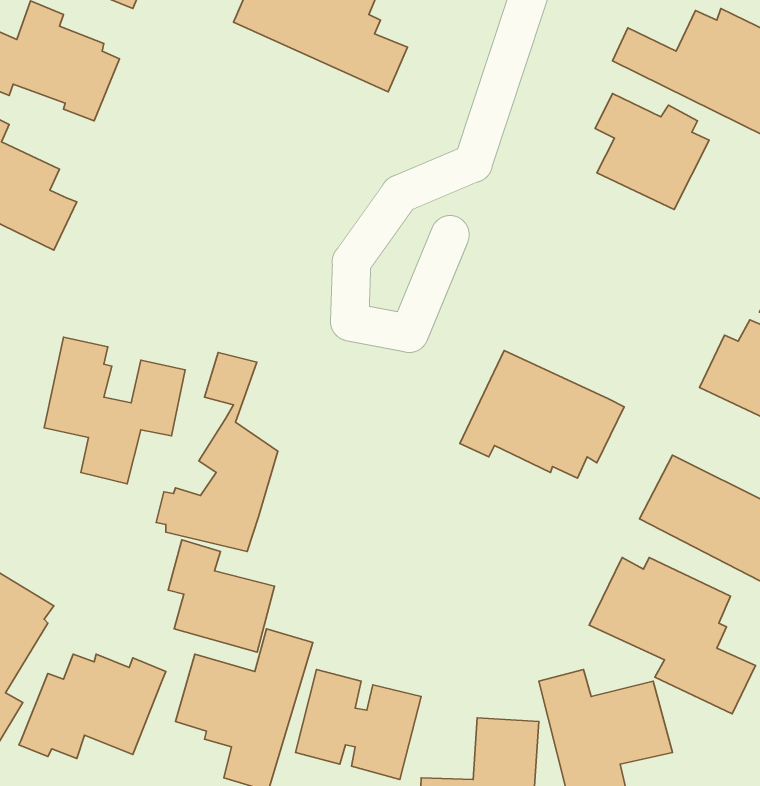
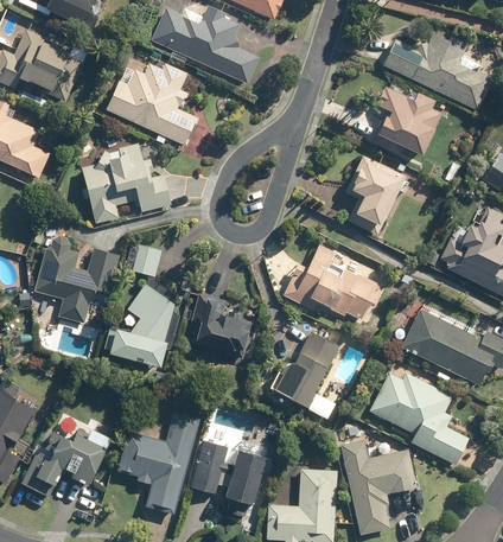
building: none -> [107,55,200,147]
building: none -> [79,146,174,225]
building: none -> [345,159,402,236]
building: none -> [272,330,340,421]
building: [168,540,275,652] -> [189,292,254,361]

